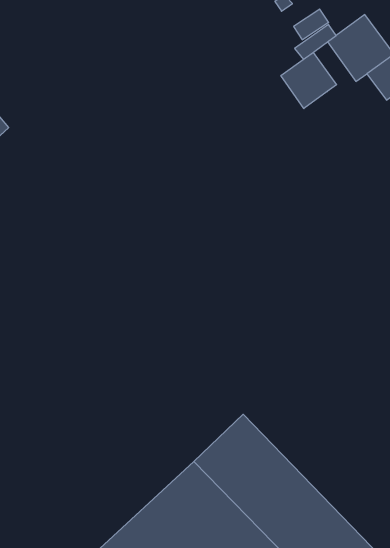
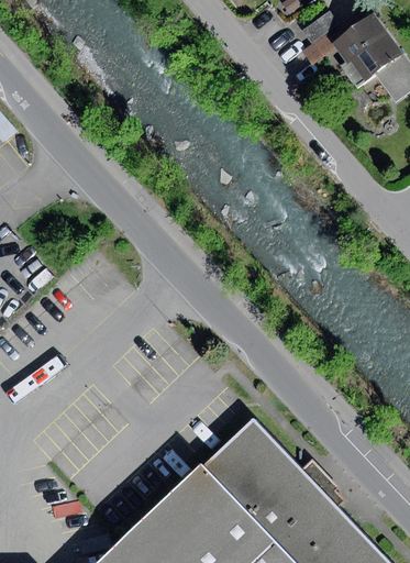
building: [281,53,337,109] -> none

